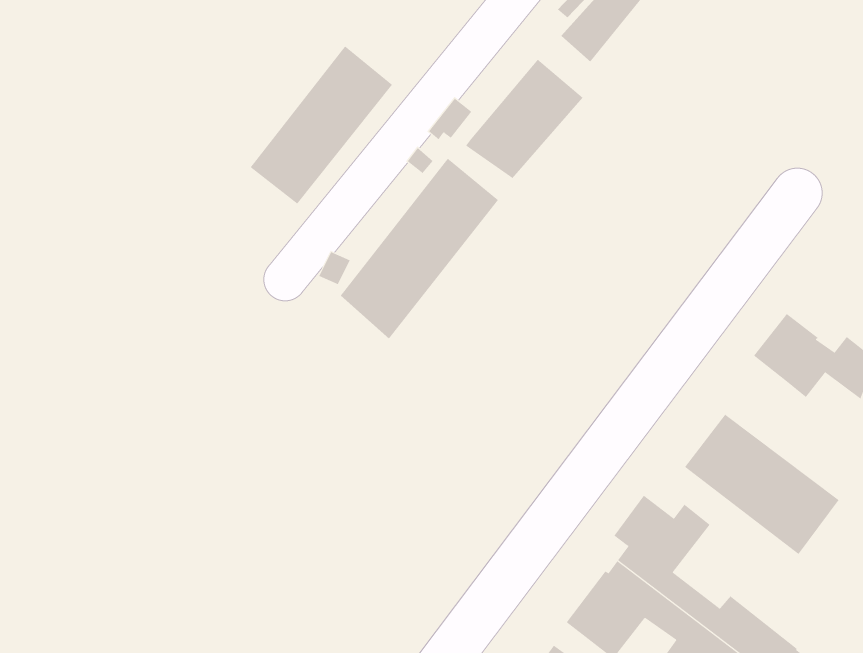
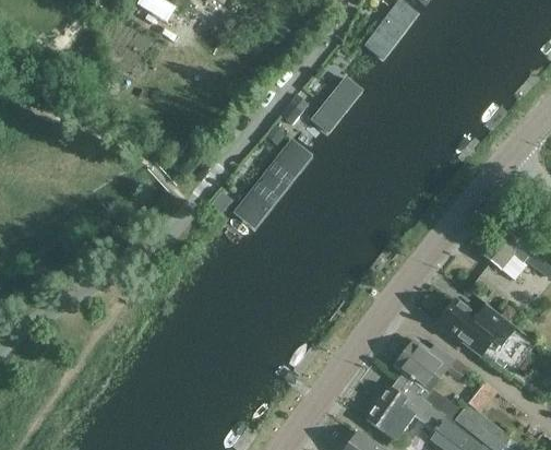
building: [250,45,393,205] -> none

